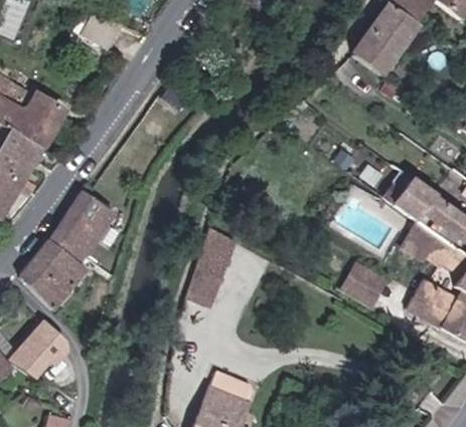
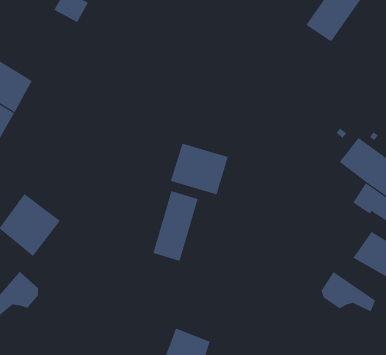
building: none -> [170,143,229,195]
building: [48,190,113,259] -> none
building: [347,262,389,303] -> none
building: none -> [321,271,376,312]

